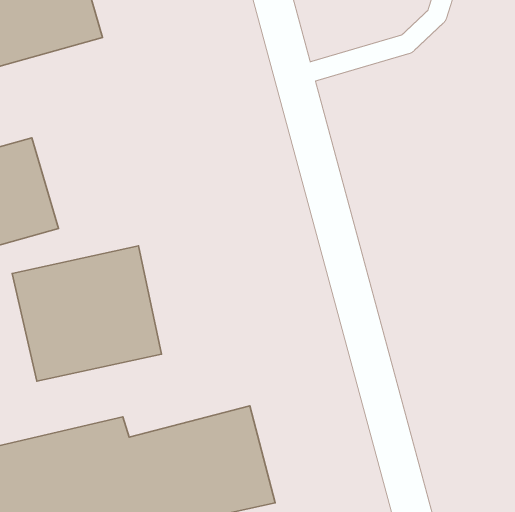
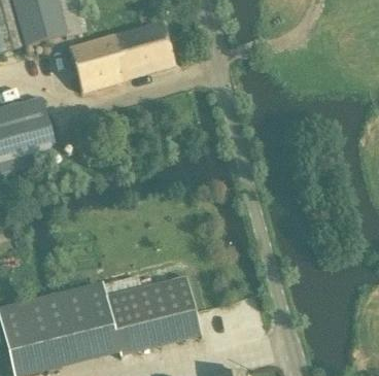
building: none -> [64,23,172,92]
building: [12,246,162,381] -> none

